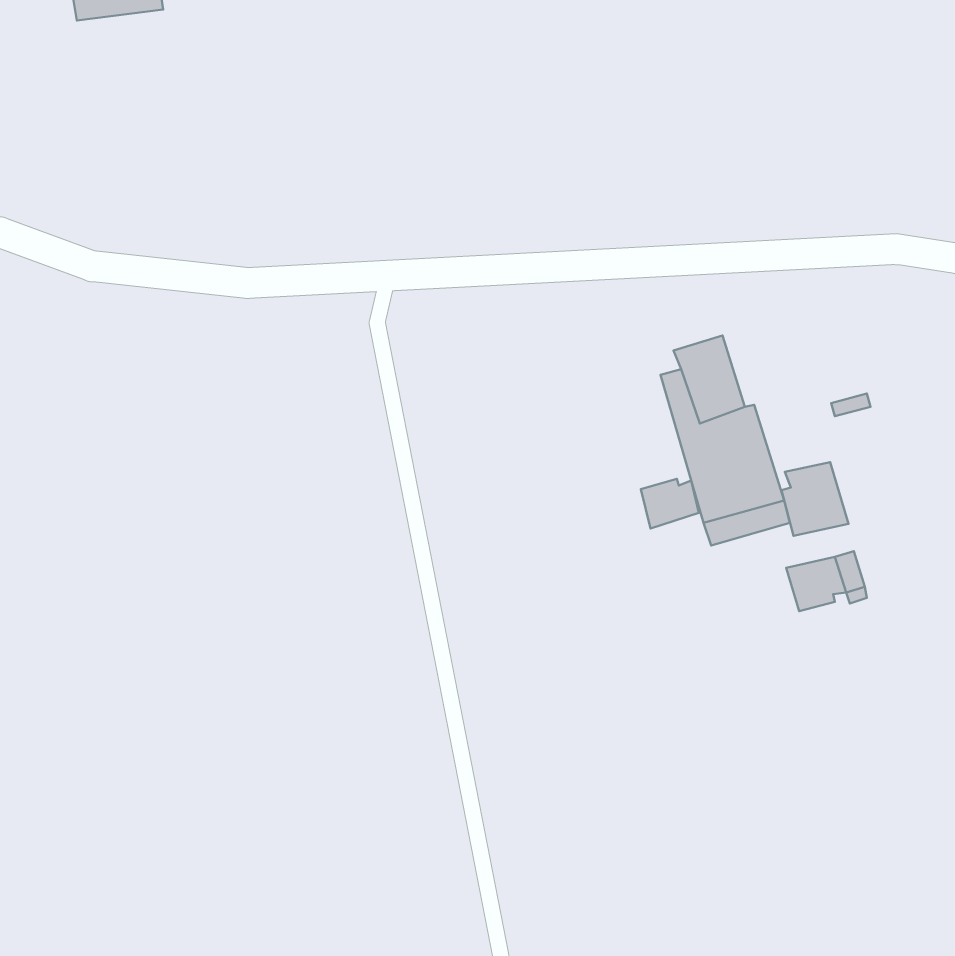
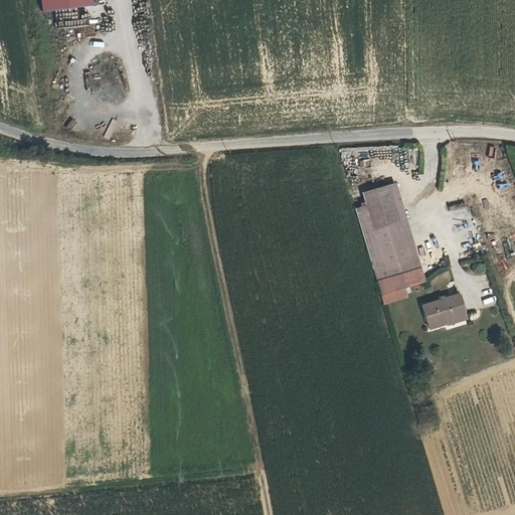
building: [782,462,848,536] -> none
building: [641,479,699,528] -> none

